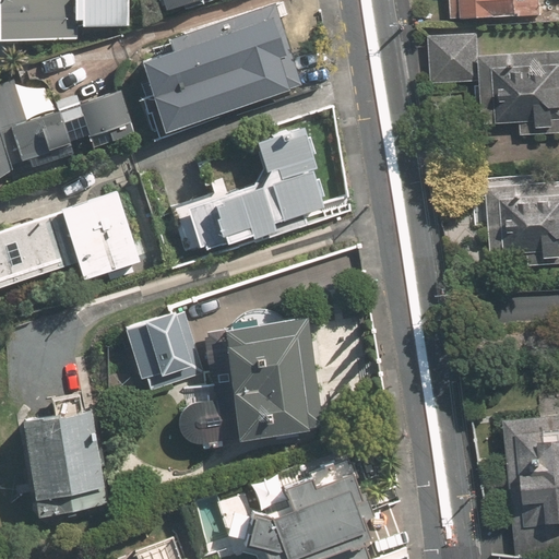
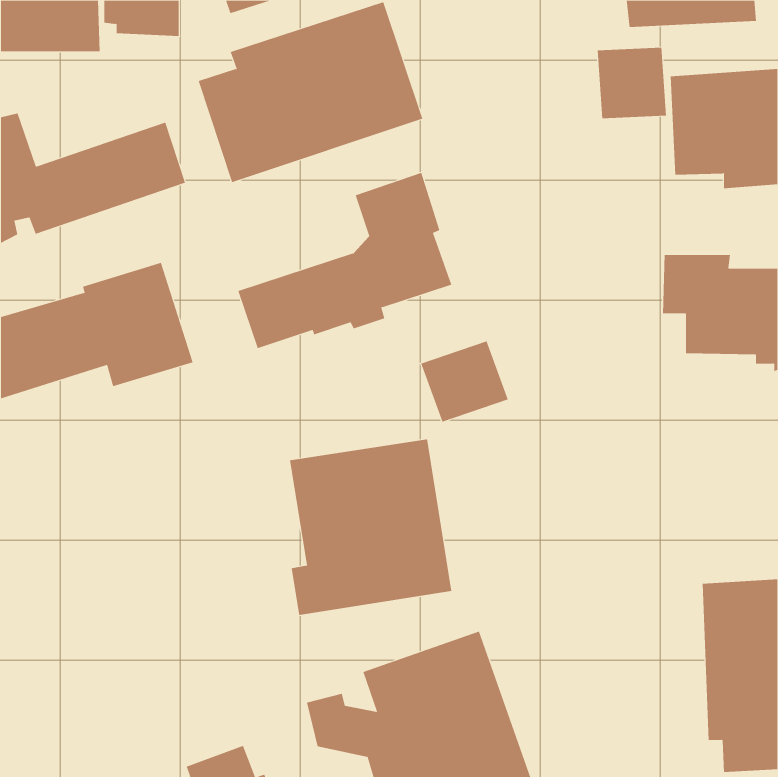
building: none -> [421,341,508,422]
building: [124,310,202,389] -> none
building: [21,393,107,515] -> none

